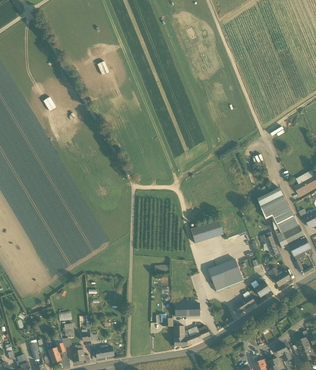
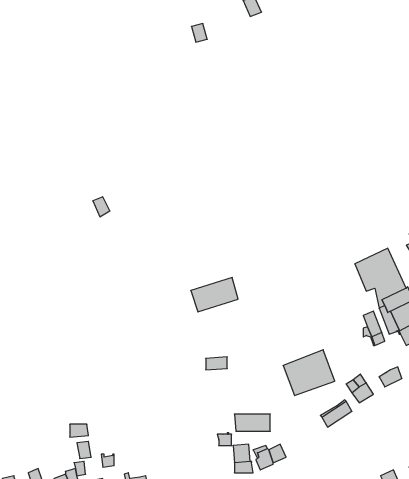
building: [189,219,222,243] -> [191,278,238,312]

